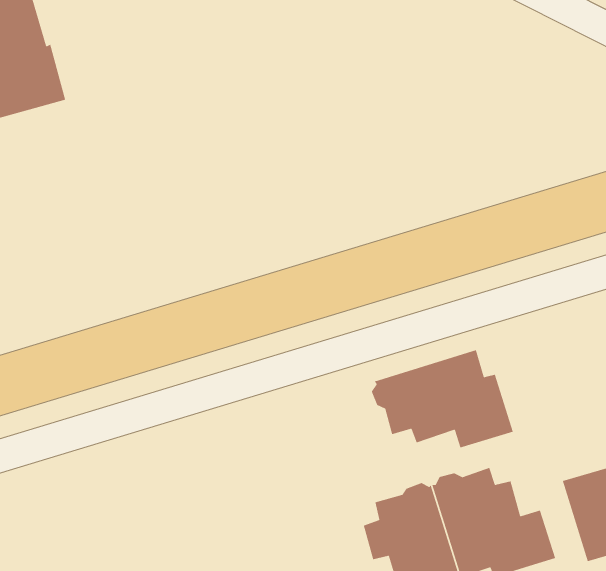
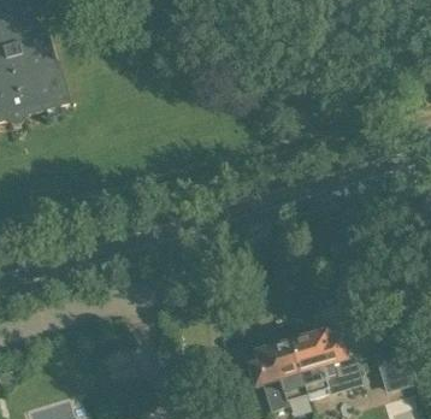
building: [371,349,514,448] -> none

